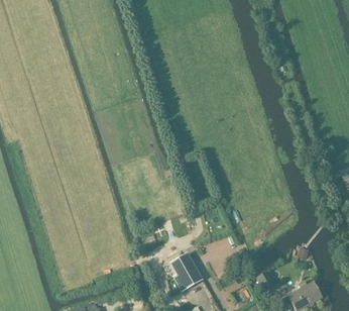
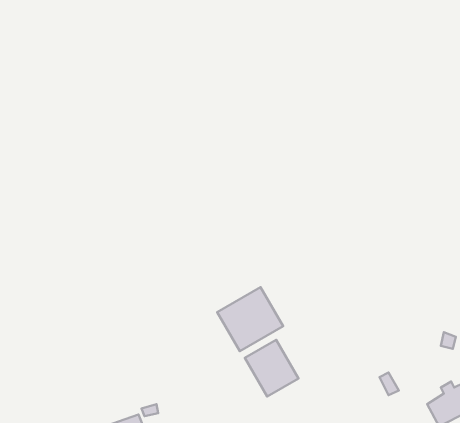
building: none -> [217,287,283,351]

